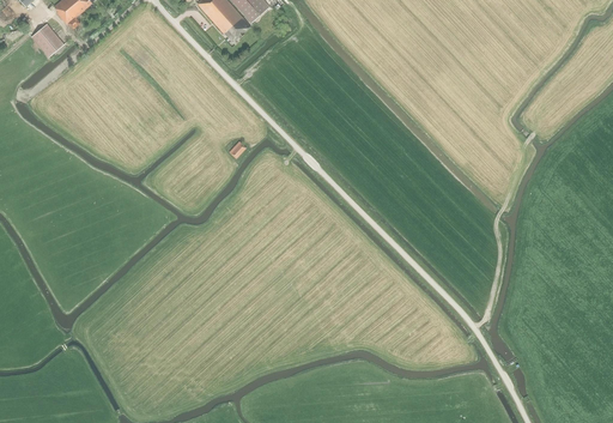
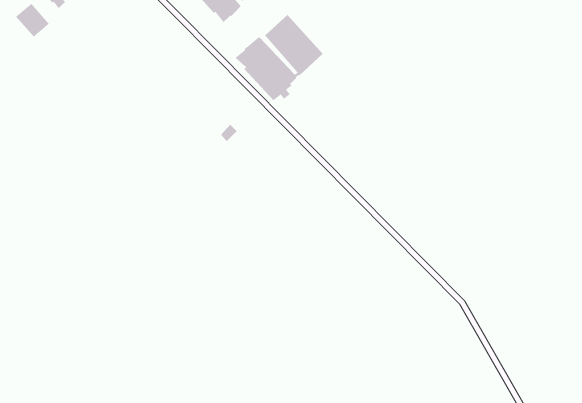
building: none -> [235,14,323,101]

